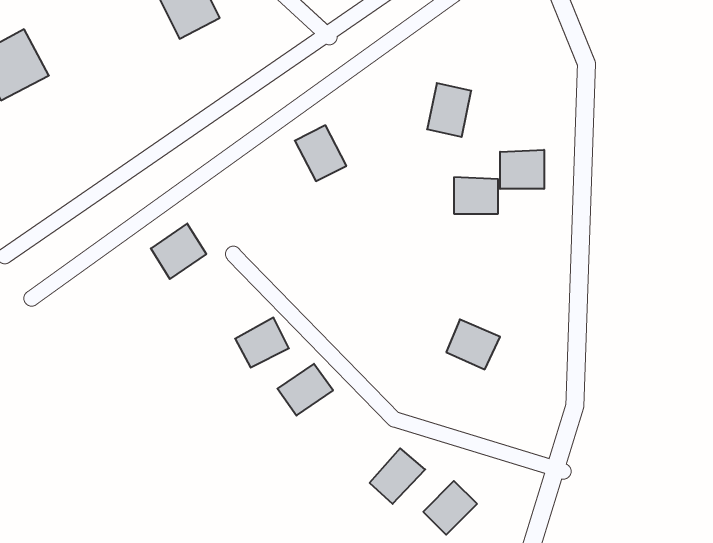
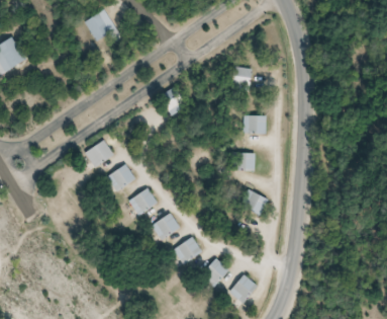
building: [500,150,544,189] -> none
building: none -> [232,152,254,170]
building: none -> [105,164,134,191]
building: none -> [171,236,201,264]

